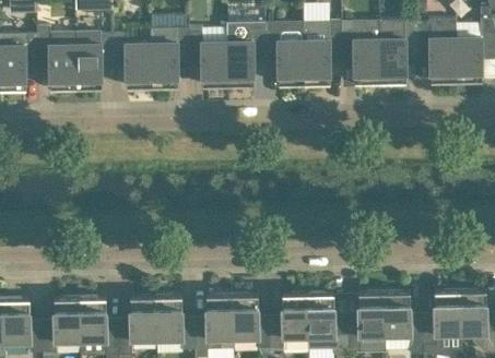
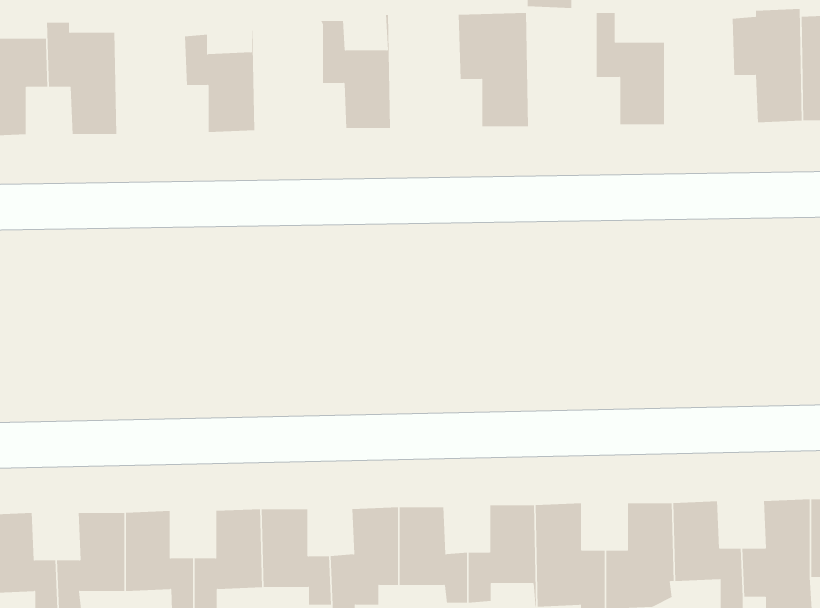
building: [379,20,419,83] -> none
building: [304,21,342,84] -> none
building: [227,22,267,85] -> none
building: [152,27,190,86] -> none
building: [75,31,115,88] -> none

